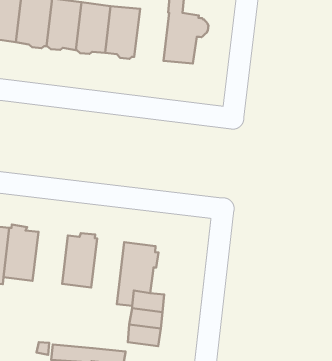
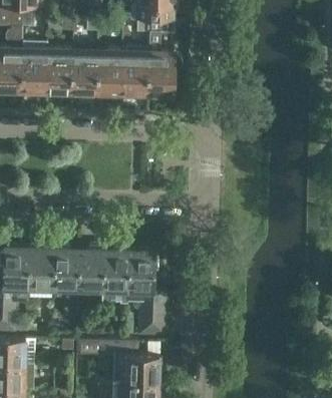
building: none -> [121,52,147,95]
building: none -> [53,246,79,291]
building: none -> [103,248,127,304]

